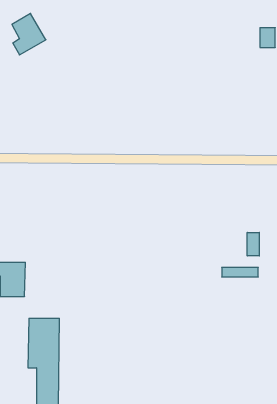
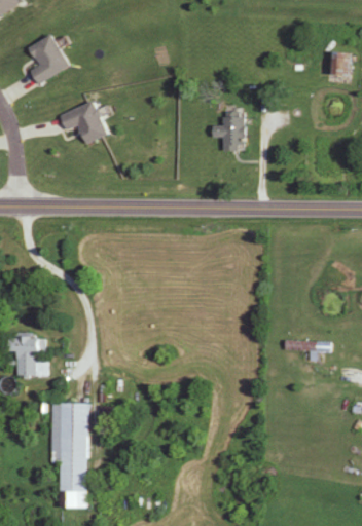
building: none -> [60,102,108,144]
building: none -> [212,117,245,150]
building: [247,232,259,256] -> none

